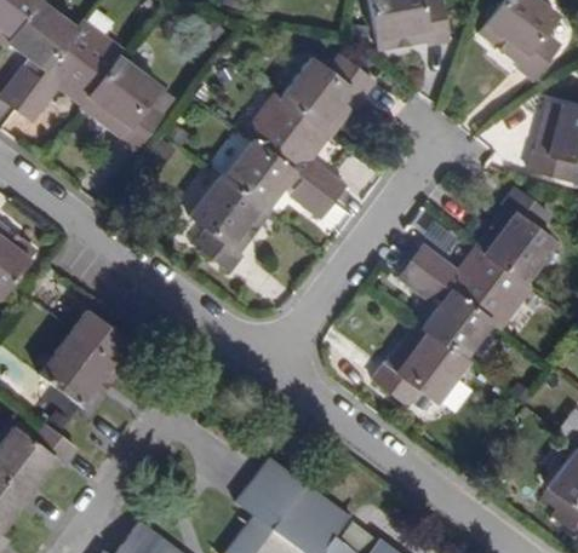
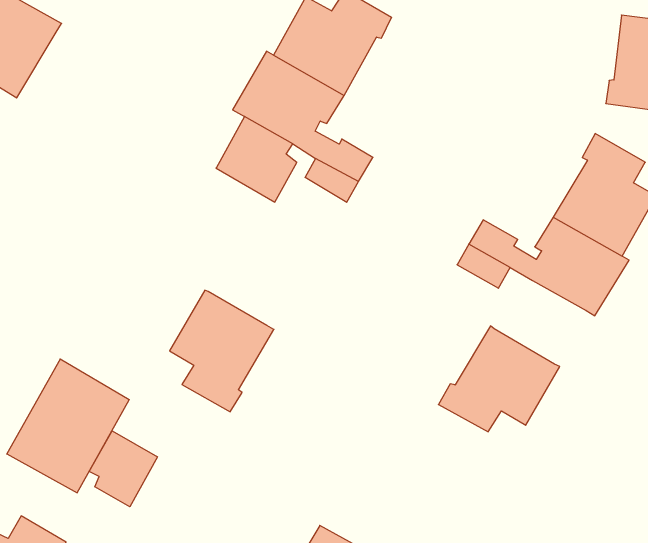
building: [82,58,162,150] -> none
building: [191,175,273,270] -> [170,290,274,412]
building: [422,293,493,358] -> none
building: none -> [89,431,157,507]

